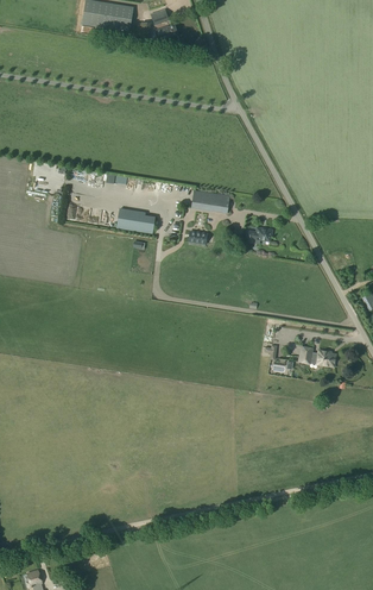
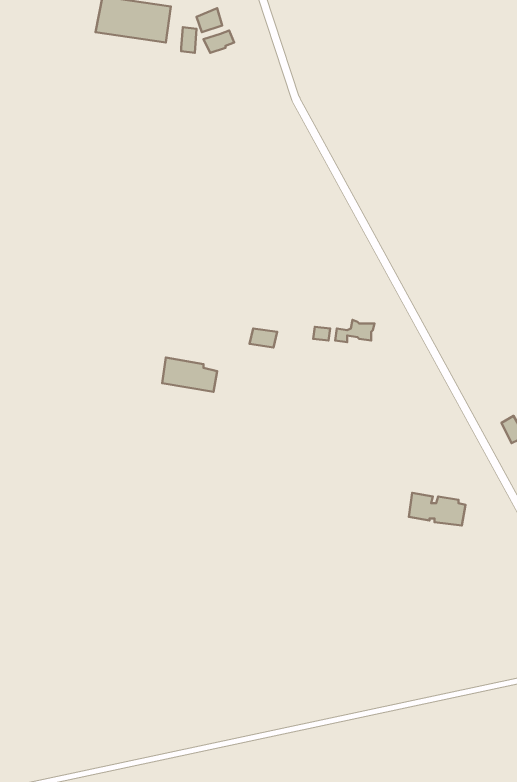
building: [192,189,229,211] -> none
building: [115,208,153,232] -> [162,357,217,392]

